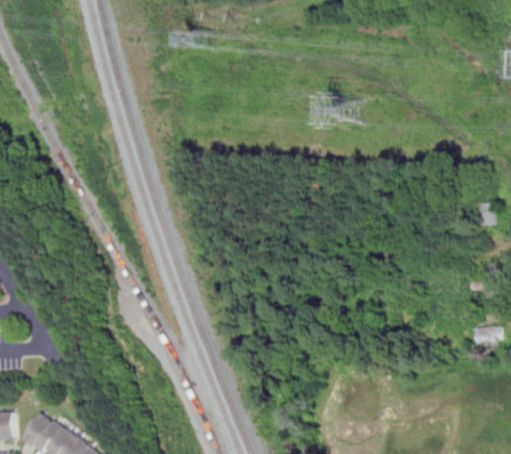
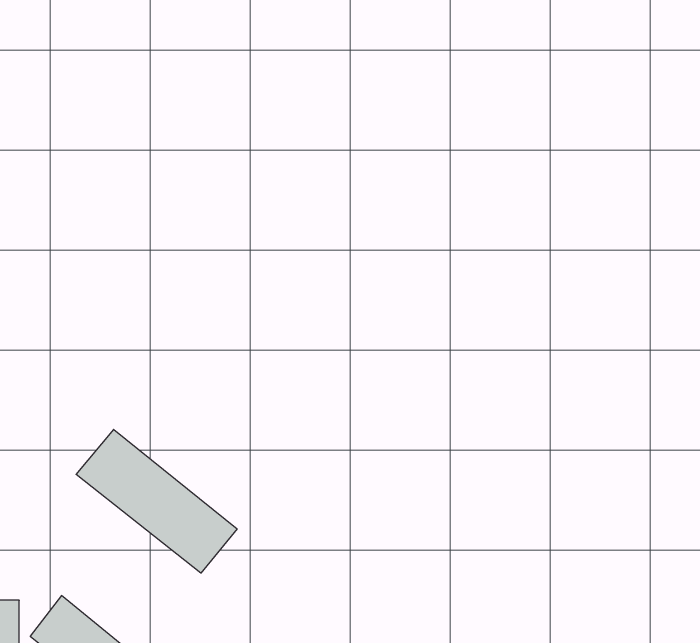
building: none -> [76,429,237,573]

